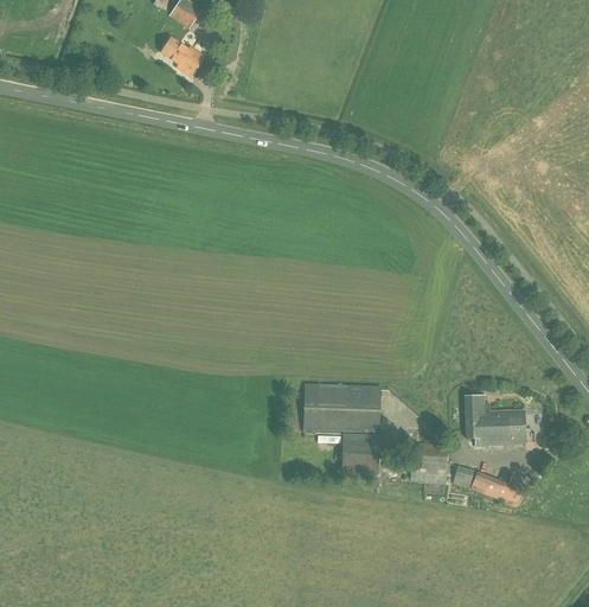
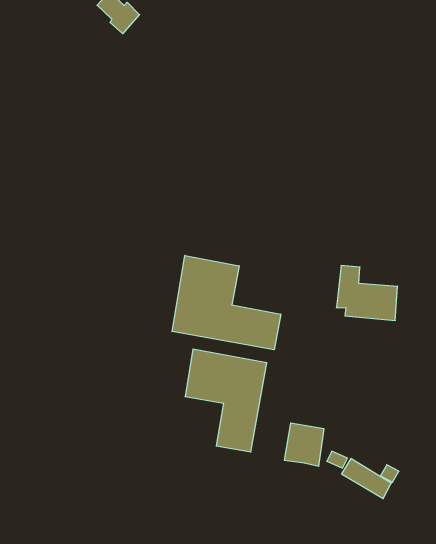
building: none -> [172,255,281,350]
building: [463,395,525,446] -> [336,266,398,320]

